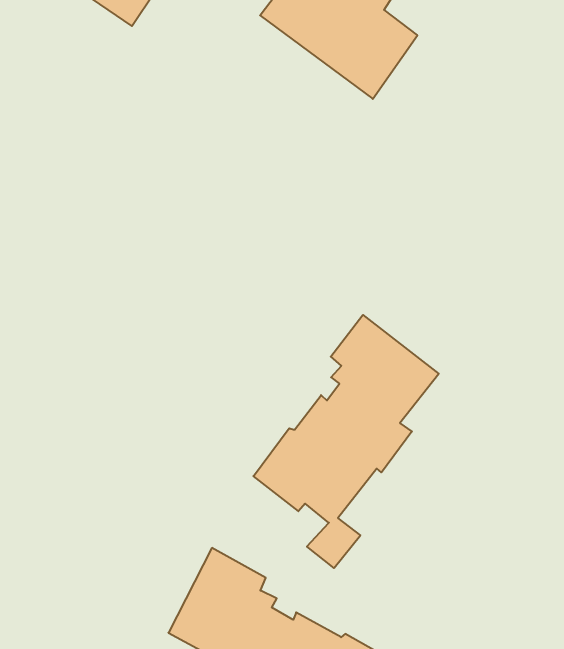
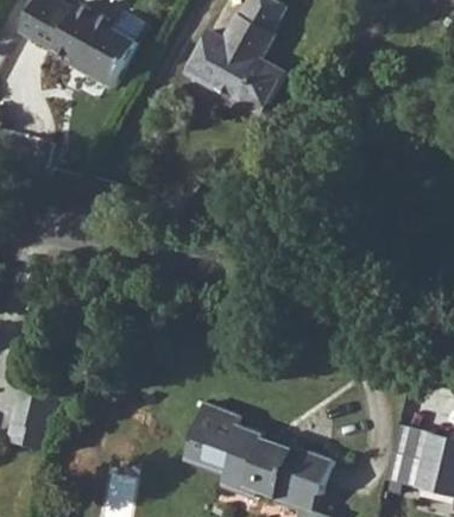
building: [253,315,439,568] -> none

